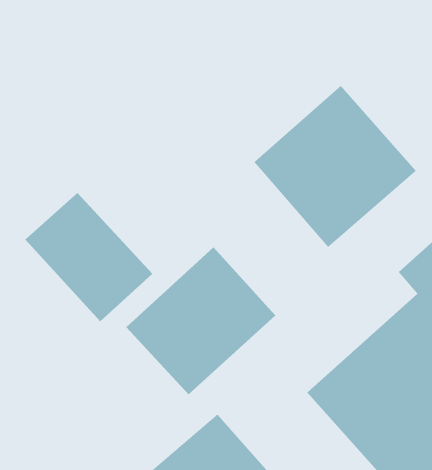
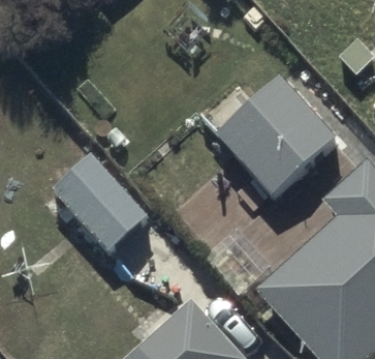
building: [126,247,276,395] -> none

